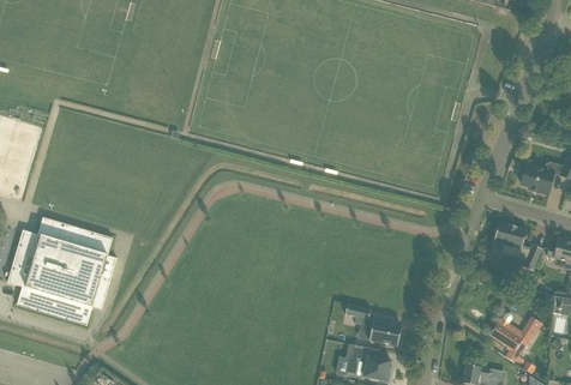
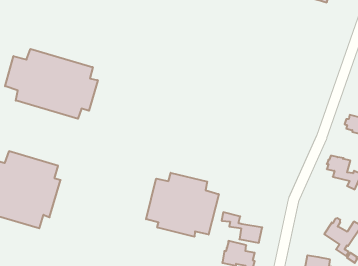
building: none -> [5,49,98,119]
building: none -> [146,173,219,237]

